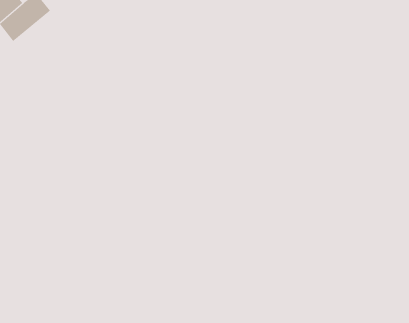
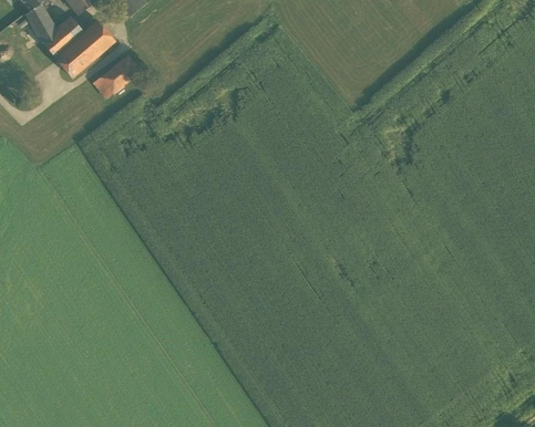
building: none -> [93,54,140,96]

